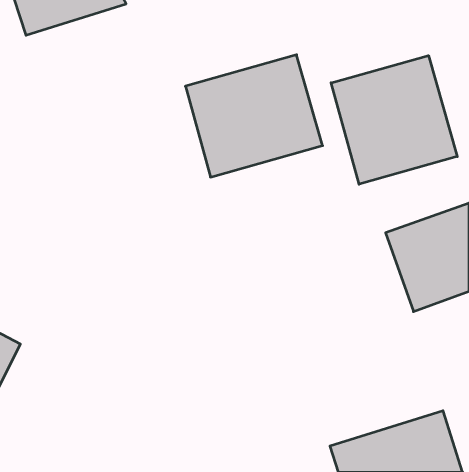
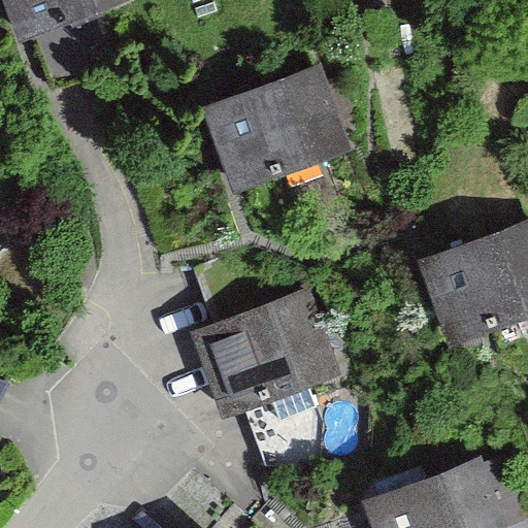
building: [331,56,457,184] -> none
building: none -> [188,289,335,421]

